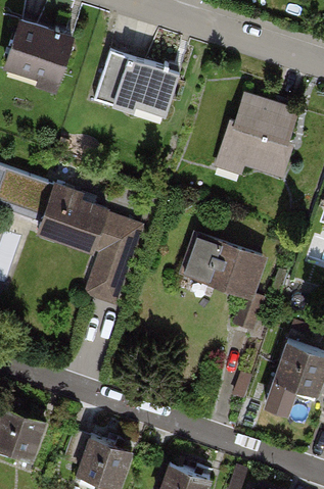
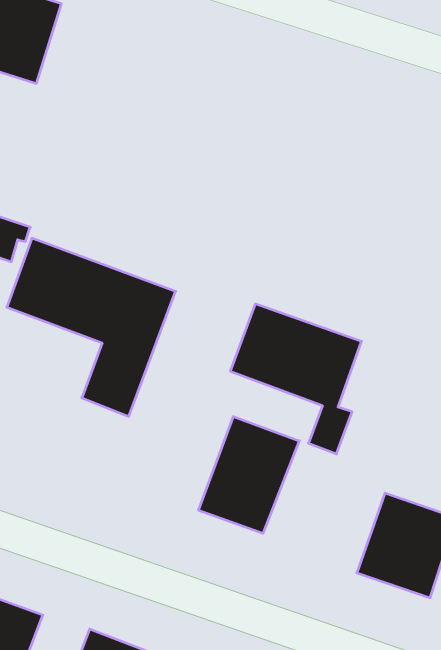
building: [98,51,178,121] -> none
building: [221,91,299,180] -> none
building: none -> [199,417,299,533]

